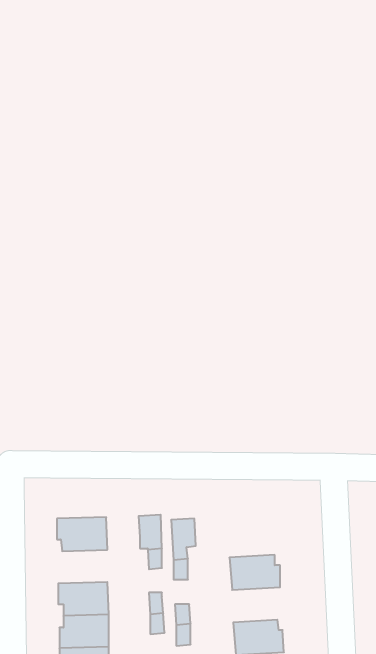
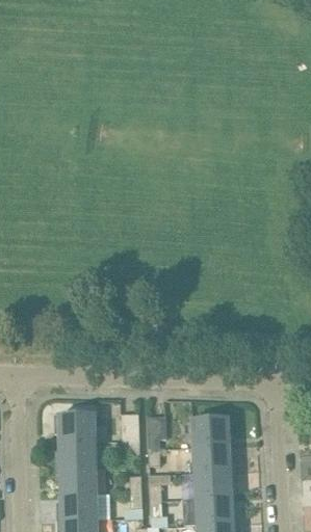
building: none -> [191,418,232,447]
building: none -> [55,441,95,468]
building: none -> [195,471,234,499]

